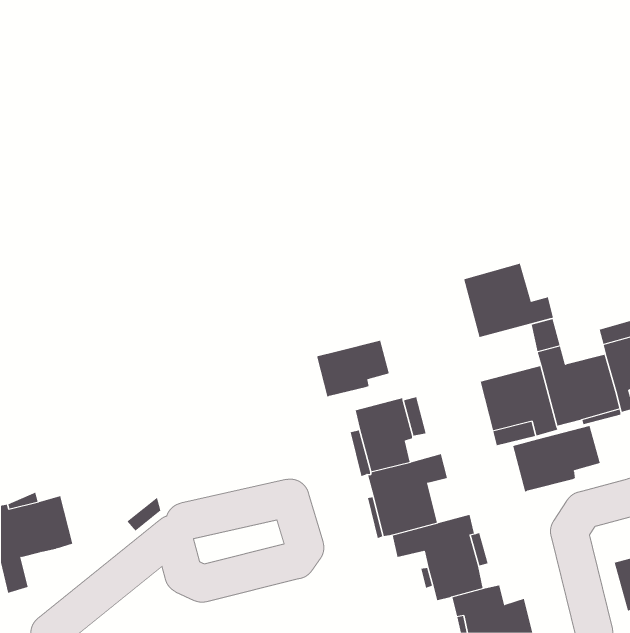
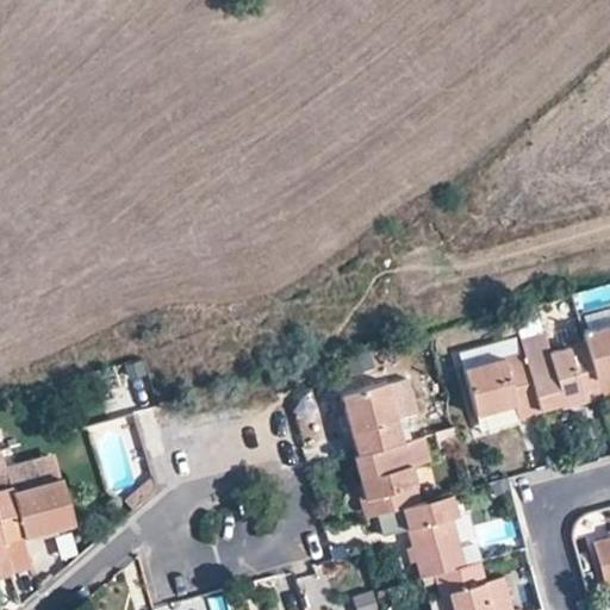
building: [463,263,554,338] -> none
building: [317,340,389,398] -> none
building: [513,425,600,492] -> none

